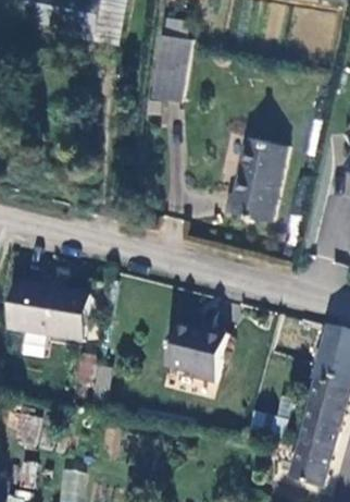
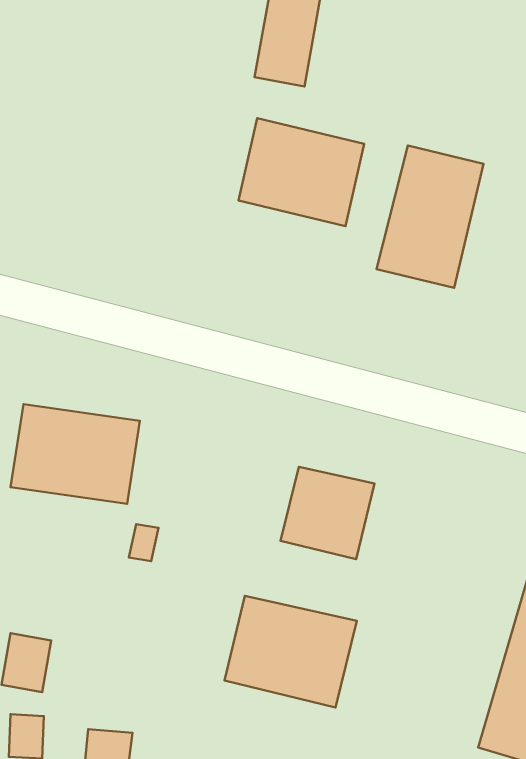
building: none -> [238,118,364,226]
building: none -> [225,596,357,708]

